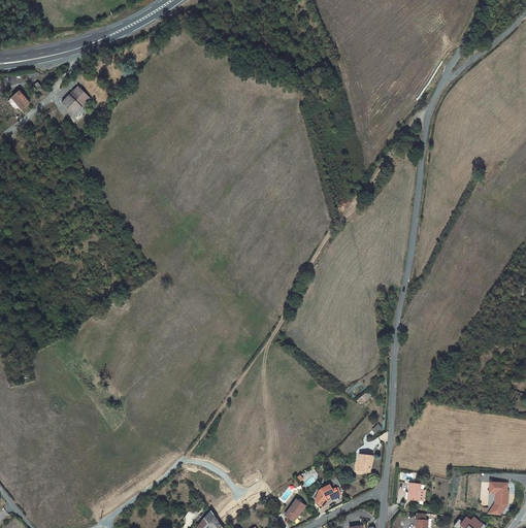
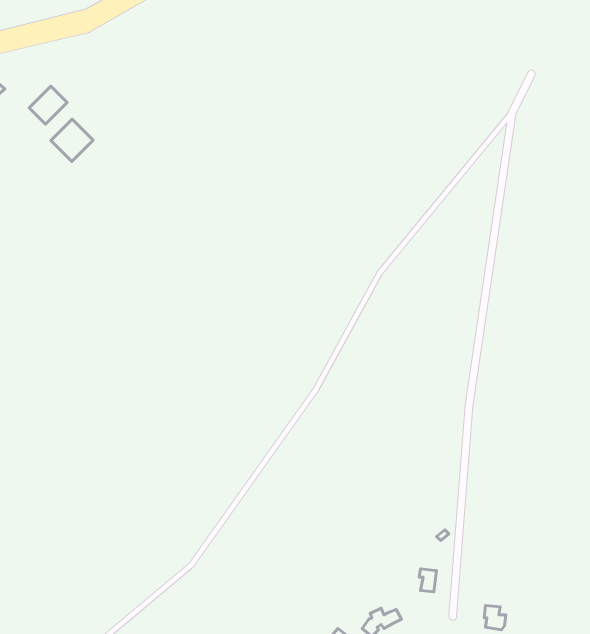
building: none -> [51,119,93,161]

